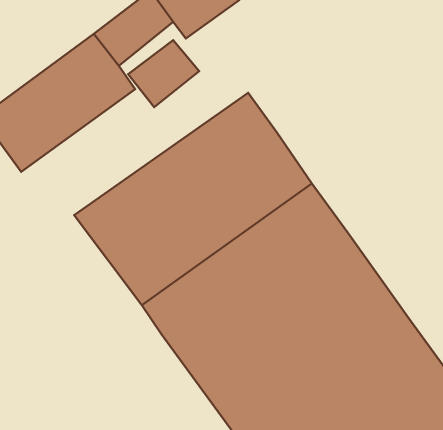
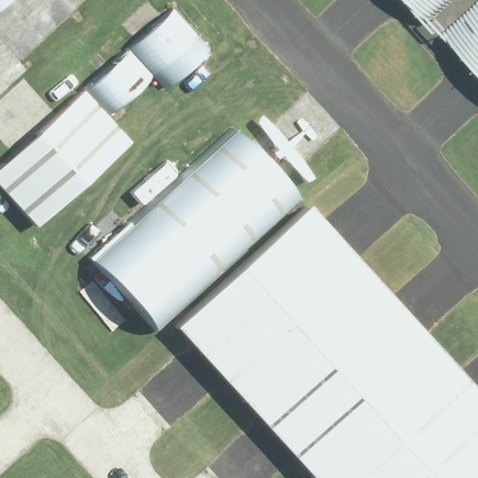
building: [128,40,199,107] -> none

